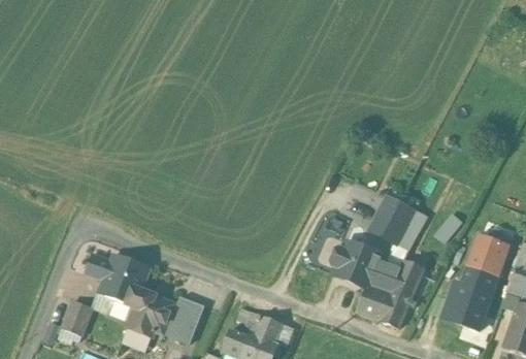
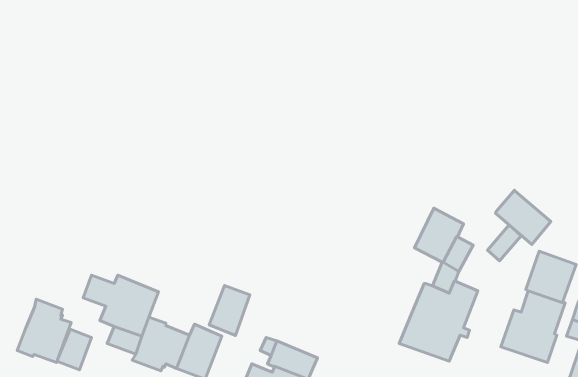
building: none -> [495,190,551,244]
building: [331,241,381,283] -> none
building: none -> [209,285,250,335]
building: none -> [17,299,71,362]

